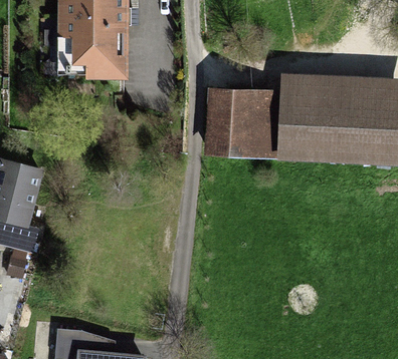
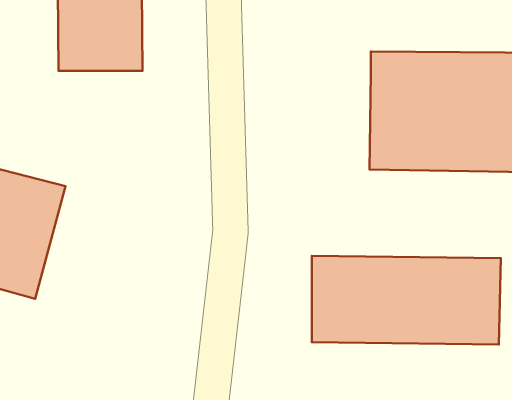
building: [210,81,285,155] -> none
building: none -> [312,256,501,344]

